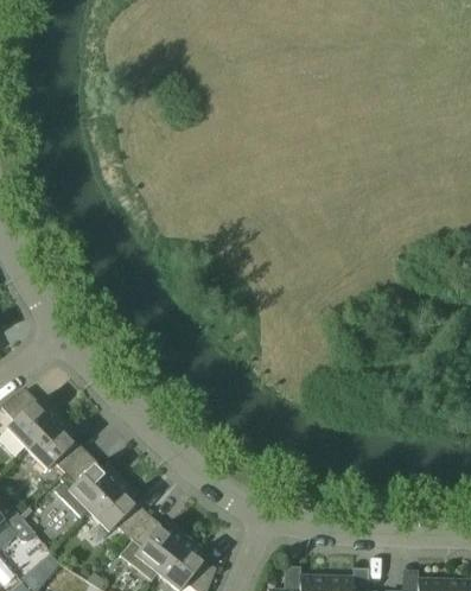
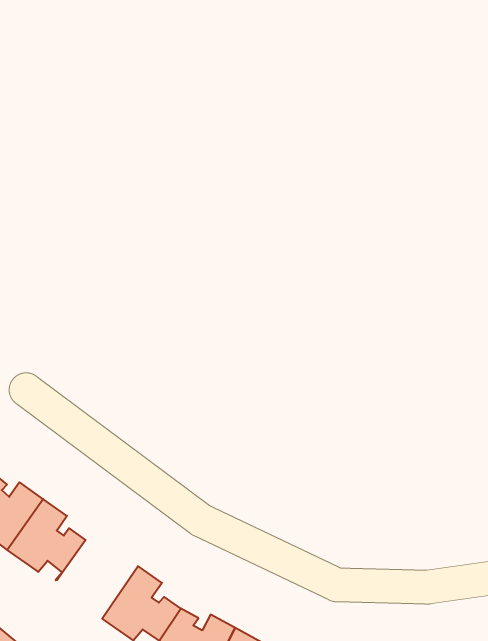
building: [52,452,120,519] -> none

